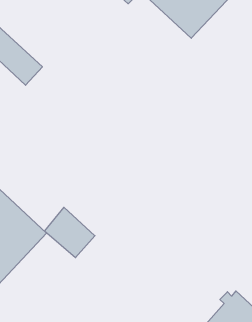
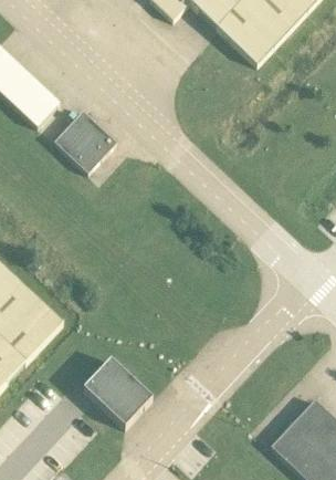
building: none -> [53,108,115,171]
building: [45,207,95,258] -> [84,357,150,424]

